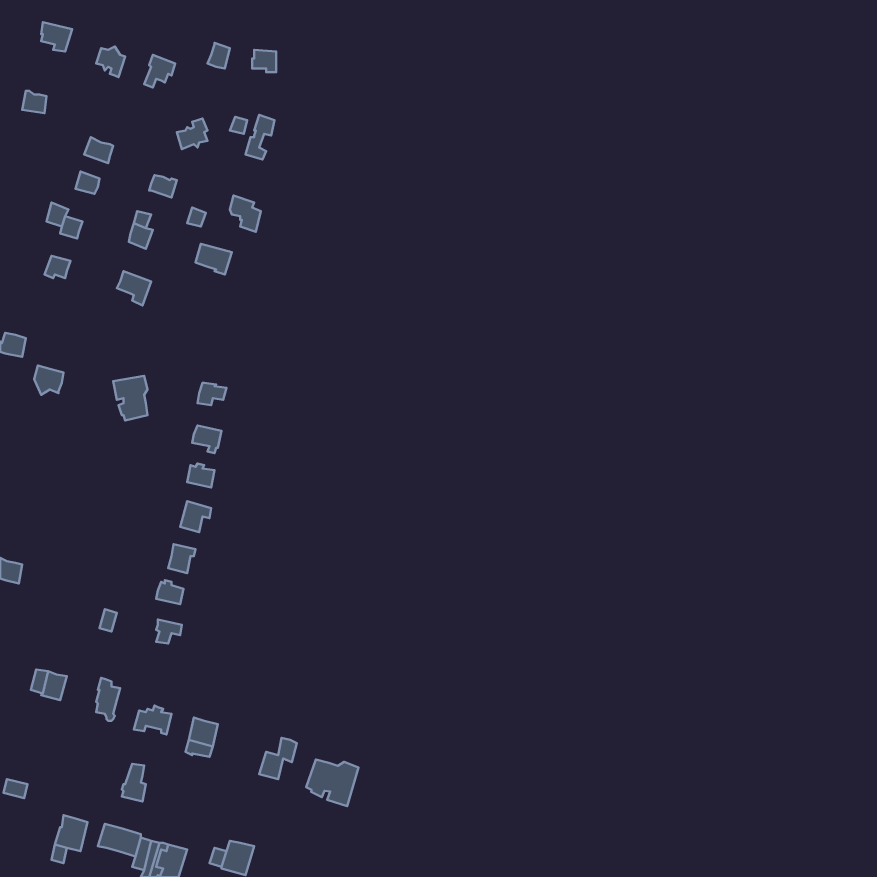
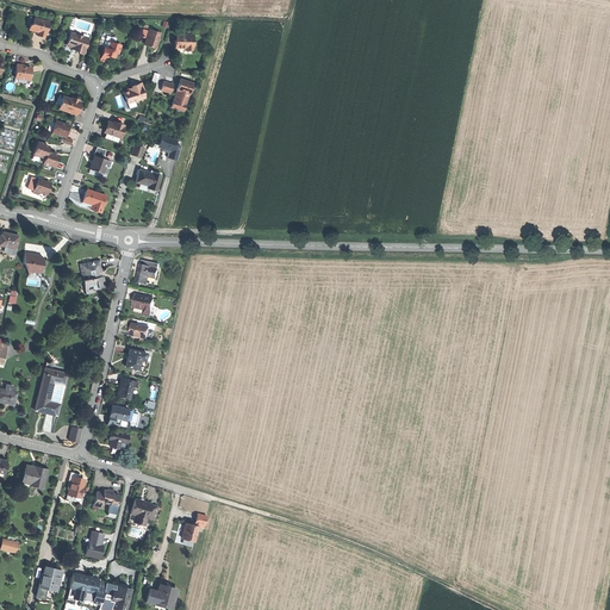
building: none -> [36,361,68,415]
building: [306,759,358,806] -> none

